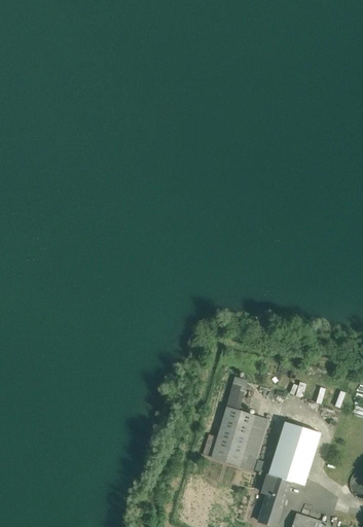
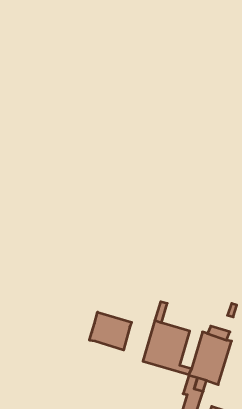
building: none -> [89,312,132,350]

